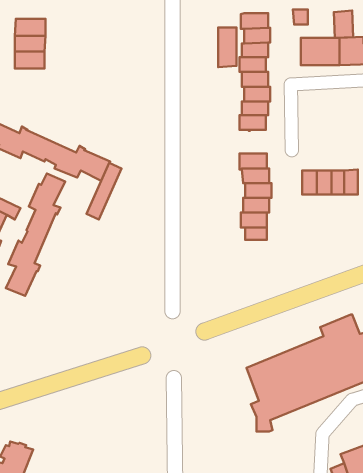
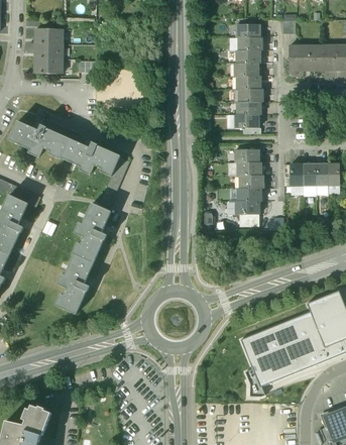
building: [334,11,353,38] -> none
building: [218,28,236,67] -> none
building: [6,174,65,296] -> [59,204,111,313]

